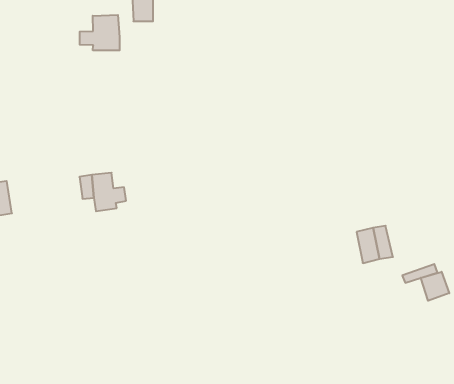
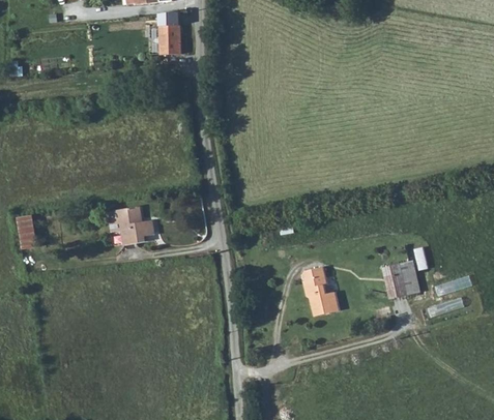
building: [80,15,120,50] -> none
building: none -> [302,263,340,312]
building: [421,272,449,301] -> none

